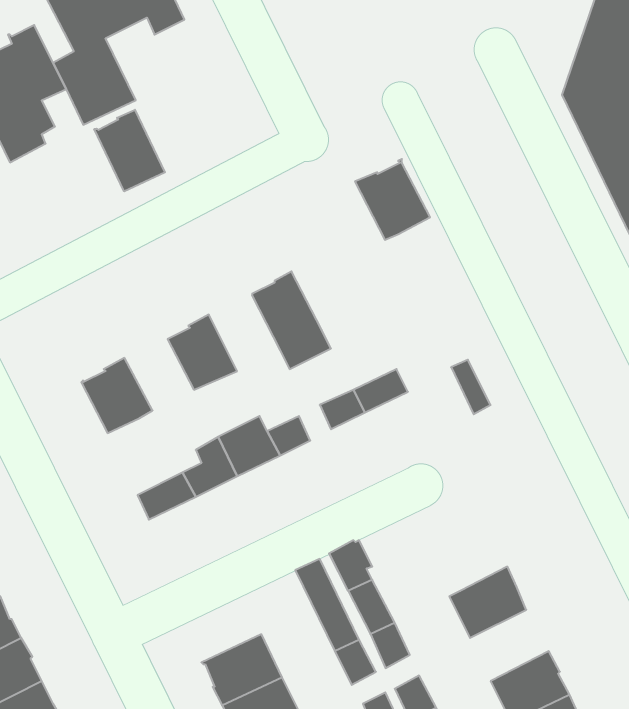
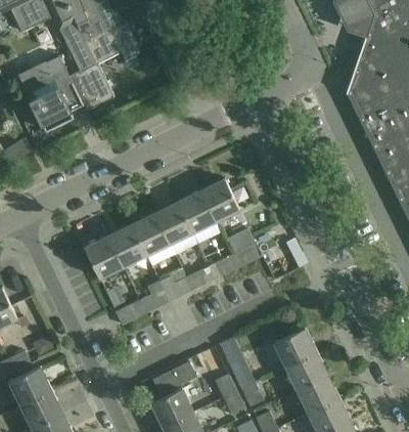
building: [94,110,165,191] -> none
building: [355,159,430,240] -> [199,178,240,222]
building: none -> [154,204,198,255]
building: none -> [108,227,146,266]
building: none -> [264,328,317,377]
building: none -> [152,361,197,395]
building: none -> [297,375,339,414]

